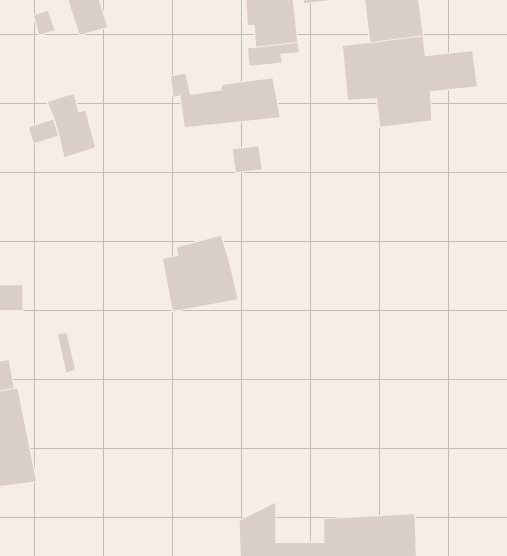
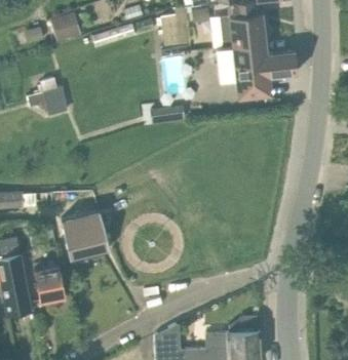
building: [170,73,280,128] -> none
building: [162,235,238,311] -> [64,210,110,256]
building: none -> [35,265,66,303]

